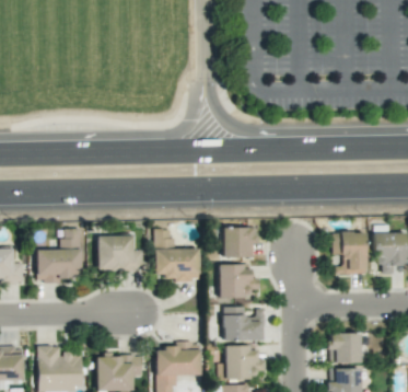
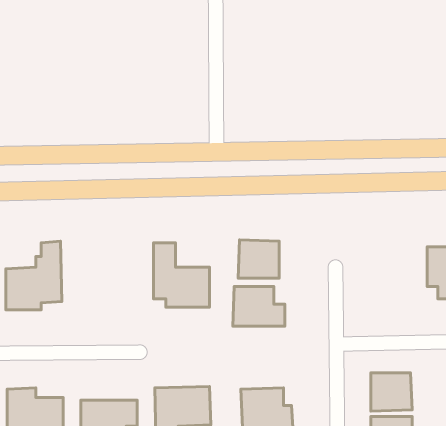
building: [334,232,368,275] -> none
building: [98,235,145,270] -> none
building: [223,307,266,341] -> none

